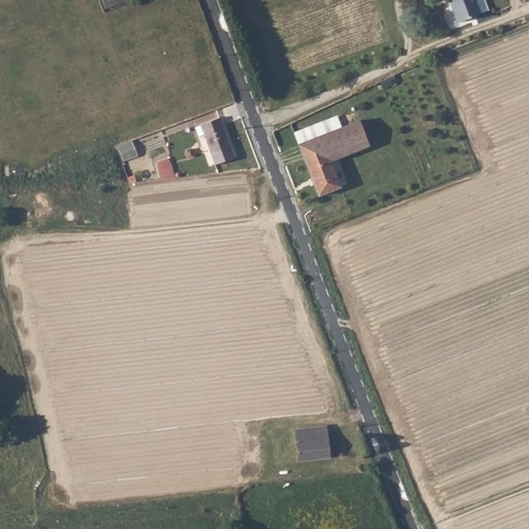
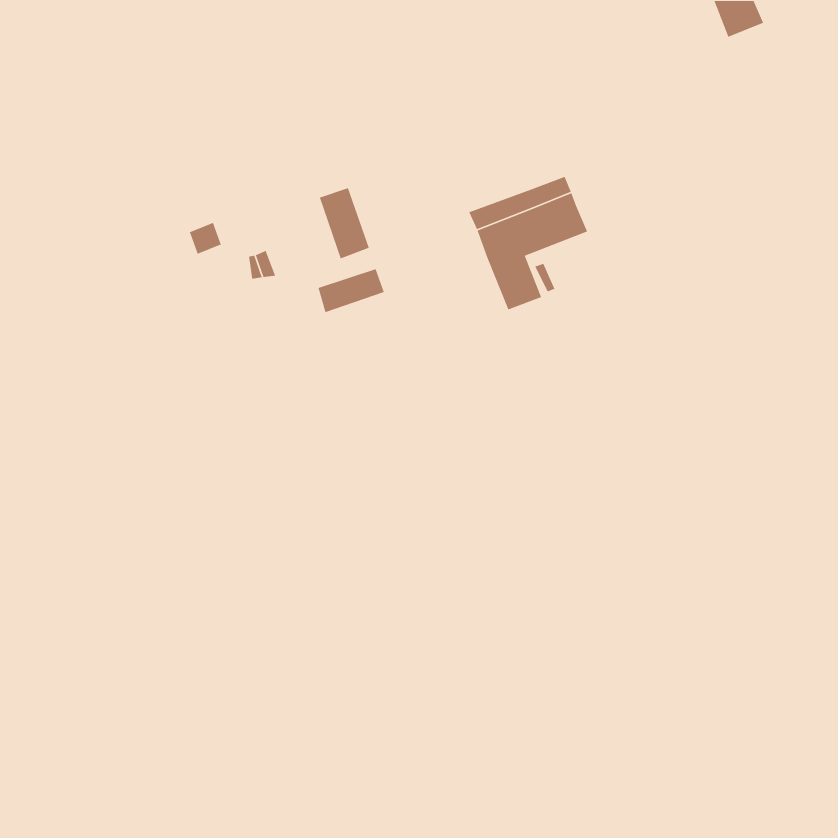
building: none -> [317,268,385,313]
building: [295,427,330,460] -> none

